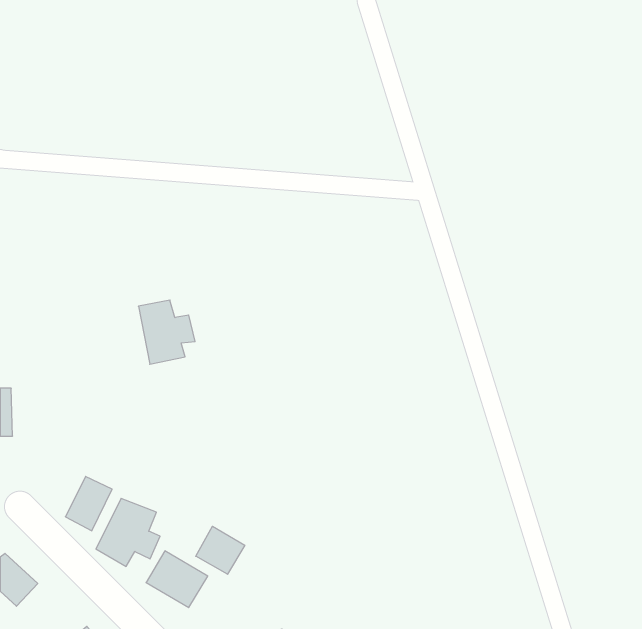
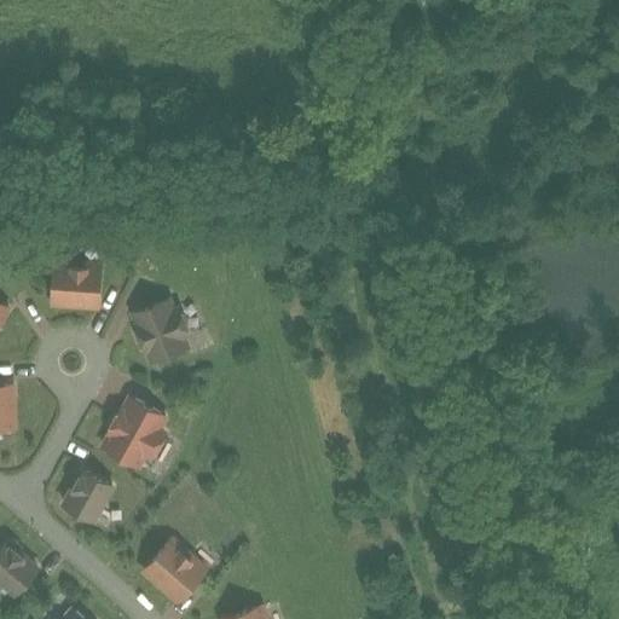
building: none -> [51,267,98,308]
building: [96,498,160,566] -> [104,400,166,465]
building: [196,526,245,574] -> none

